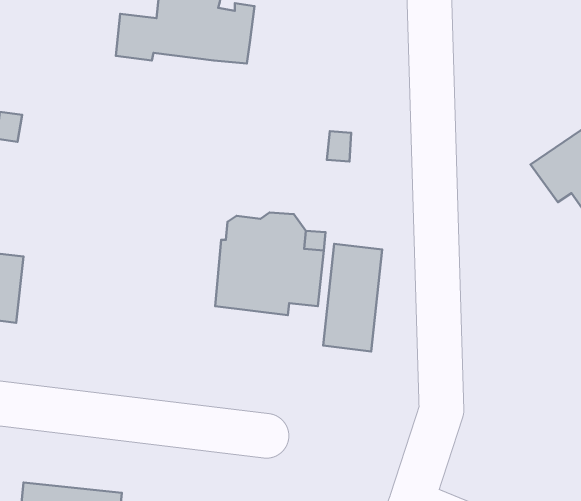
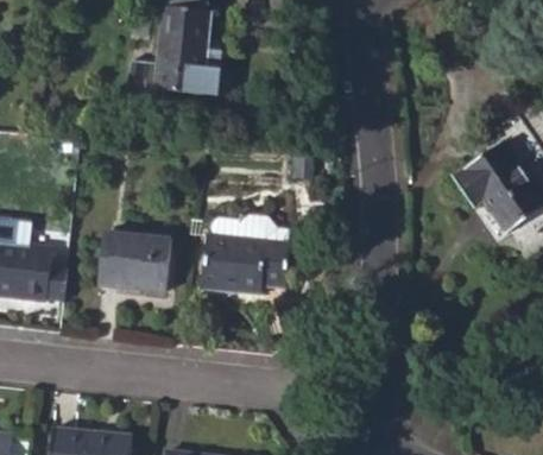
building: none -> [100,233,171,293]
building: [323,244,382,351] -> none

